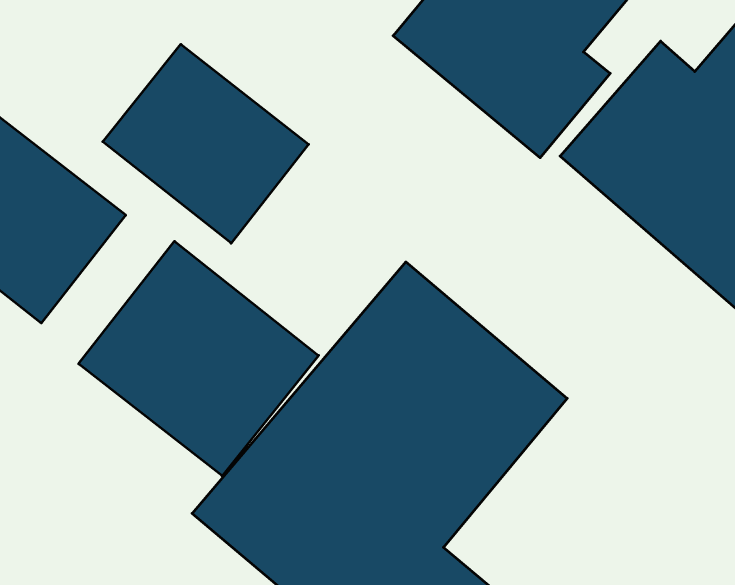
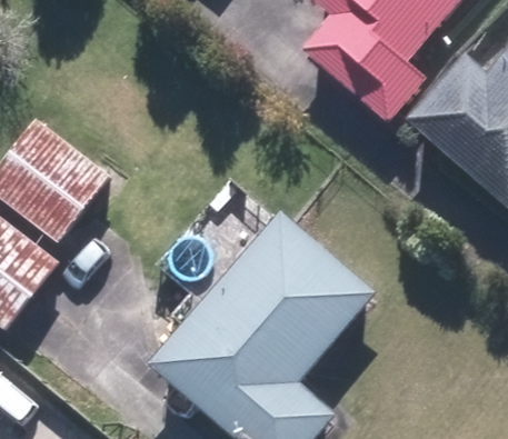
building: [103,44,309,243] -> none
building: [79,241,319,476] -> none

